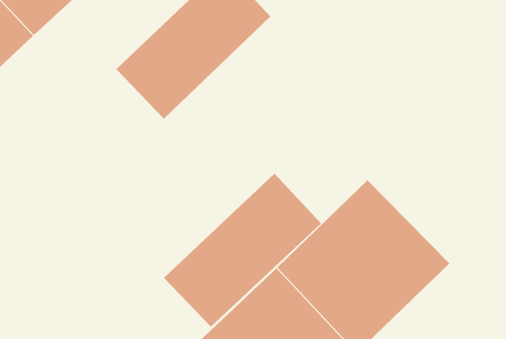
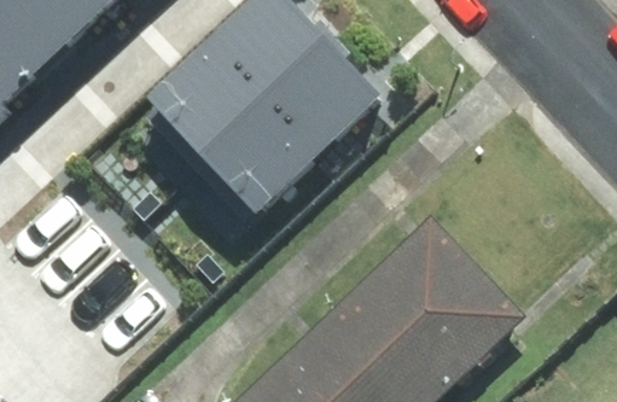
building: none -> [199,36,379,212]
building: [163,173,322,328] -> none

